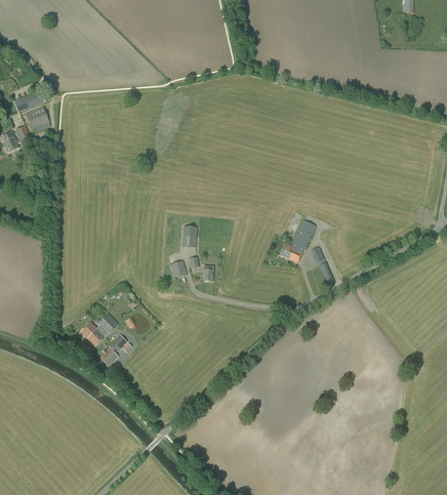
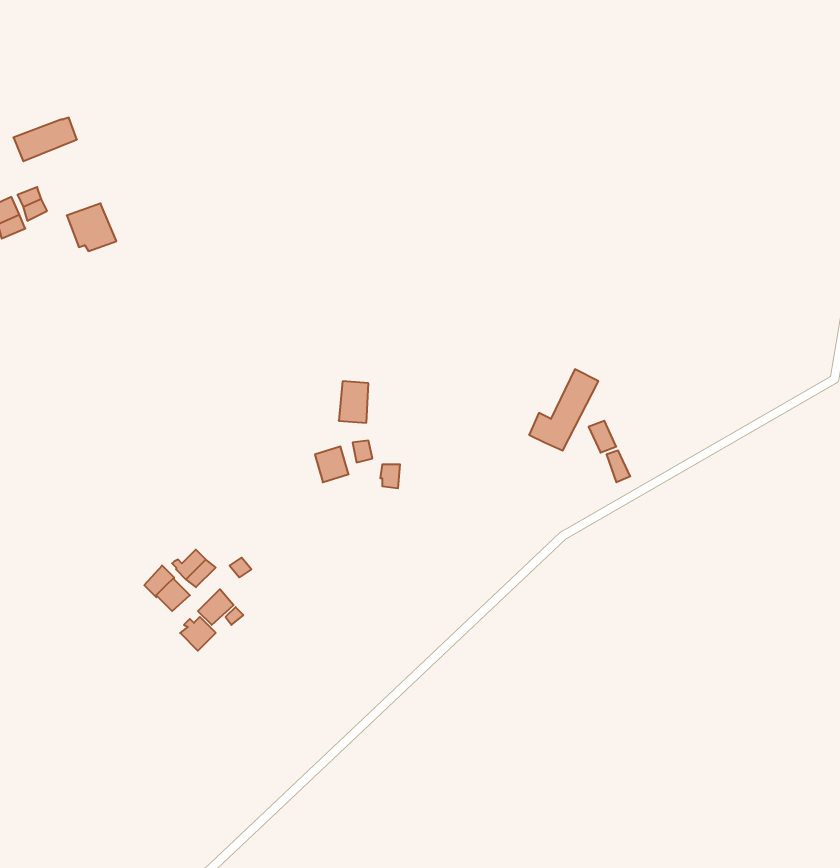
building: [26,107,51,131] -> [67,203,116,251]

